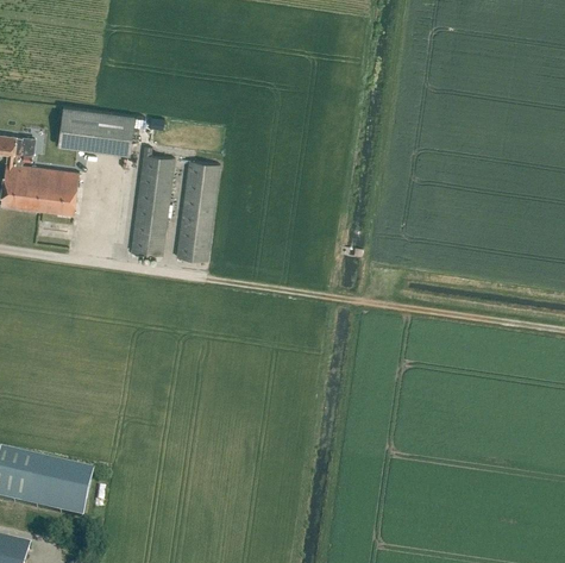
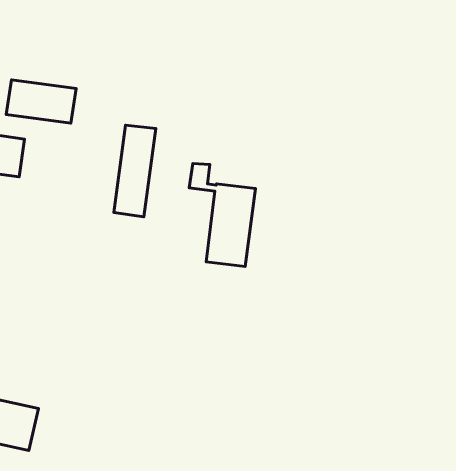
building: [131,142,175,251] -> none
building: none -> [189,164,256,267]

